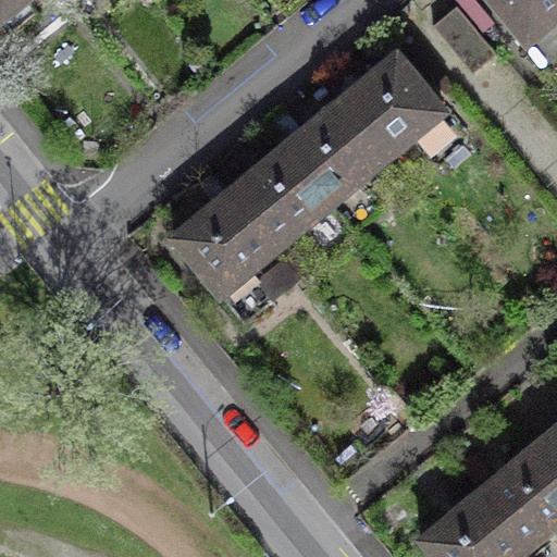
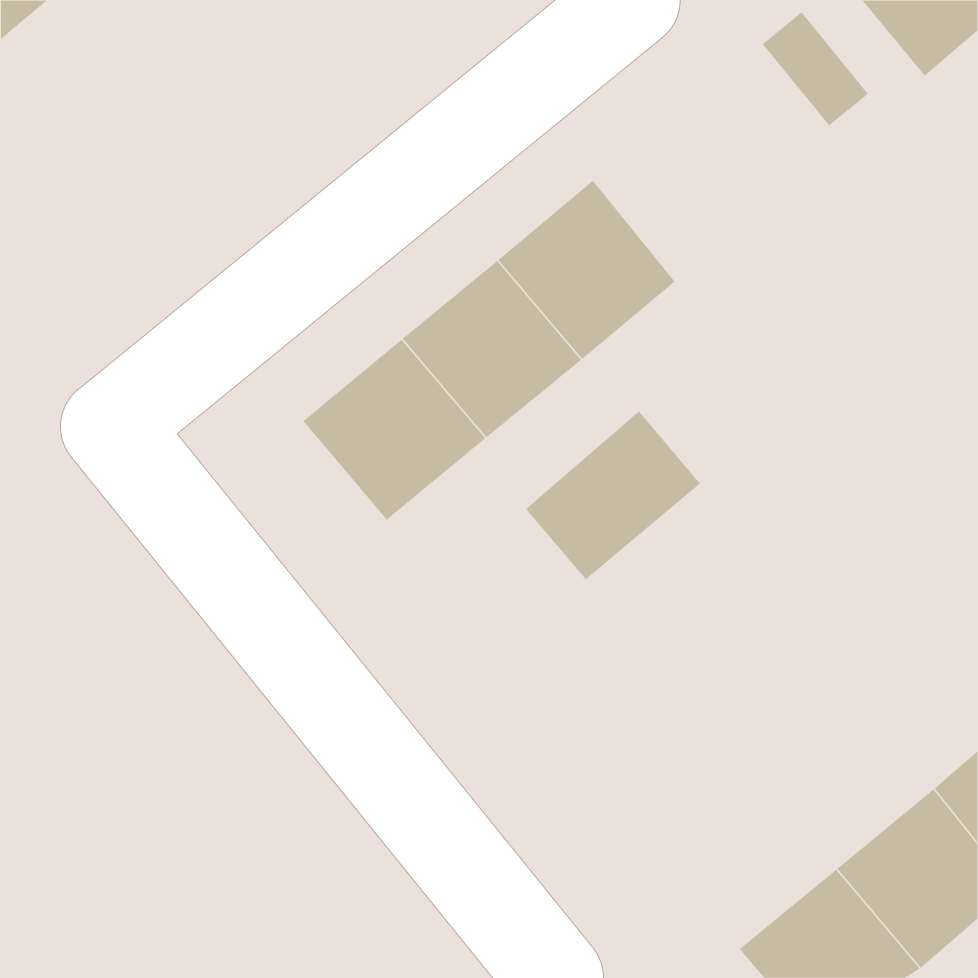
building: [337,55,442,160] -> none
building: none -> [525,411,701,580]

